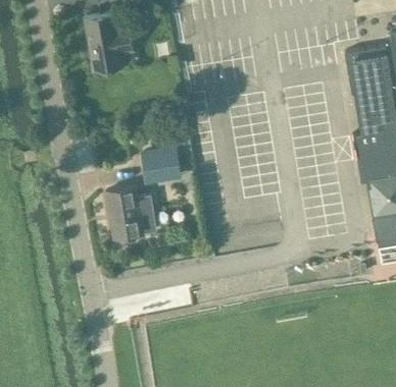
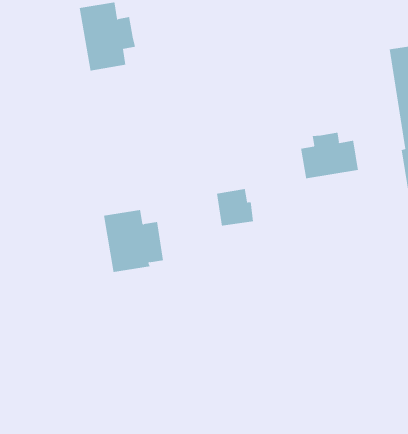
building: none -> [301,132,359,179]
building: [143,153,175,184] -> [216,189,254,226]

